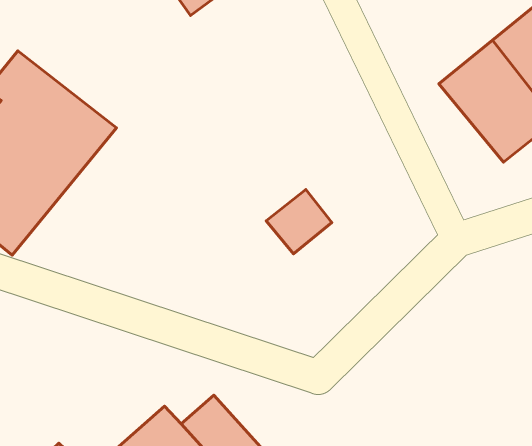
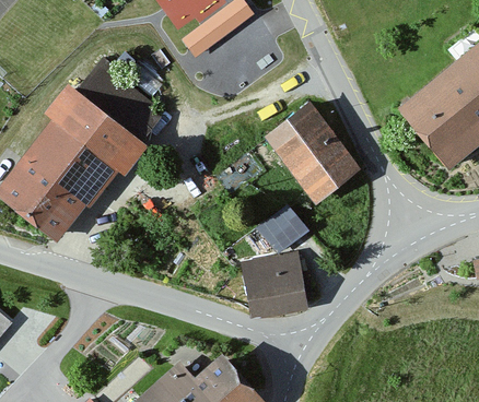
building: none -> [262,103,362,206]
building: none -> [241,250,306,317]

